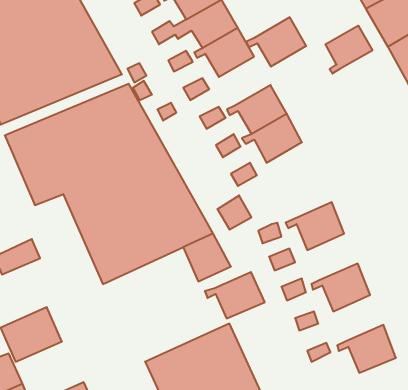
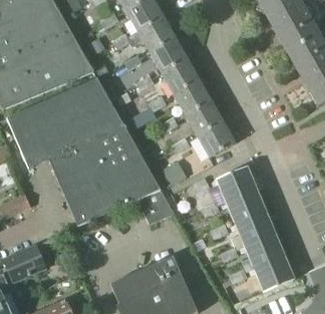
building: [246,17,306,66] -> [157,58,202,94]
building: [325,26,372,74] -> none
building: none -> [193,121,237,158]
building: [205,272,265,318] -> [222,189,266,223]
building: none -> [241,234,285,268]

